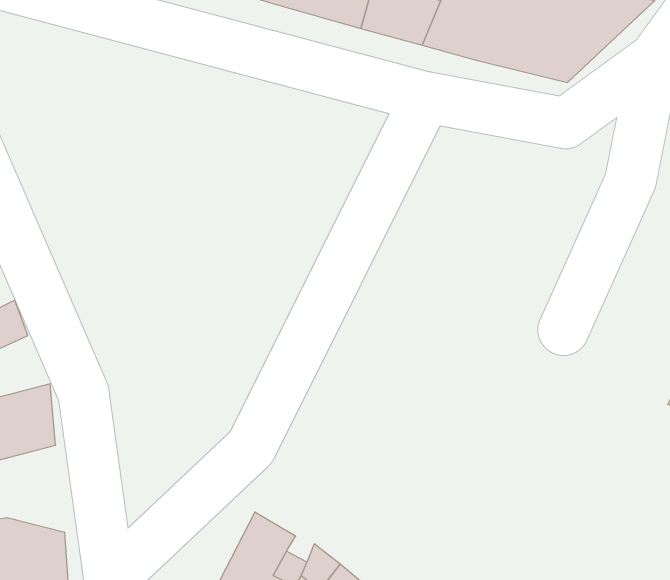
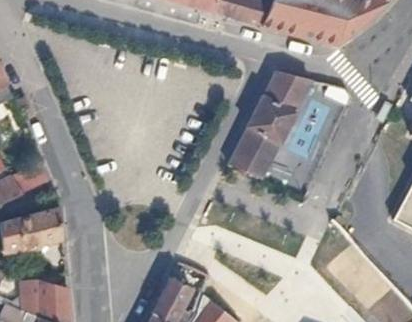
building: none -> [228,71,312,177]

